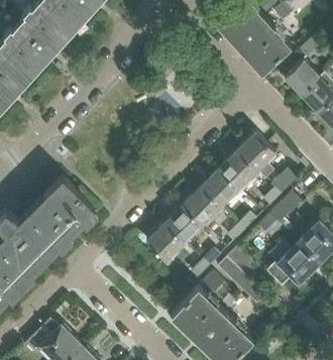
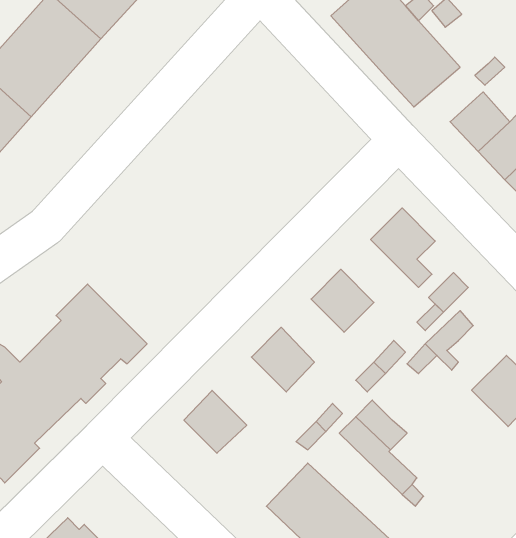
building: [217,151,264,194] -> none
building: [181,188,223,230] -> none
building: [145,223,184,261] -> [184,390,247,453]
building: [265,243,319,287] -> none

